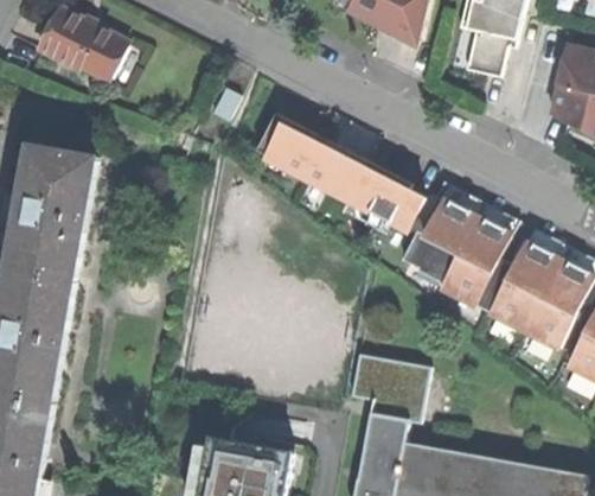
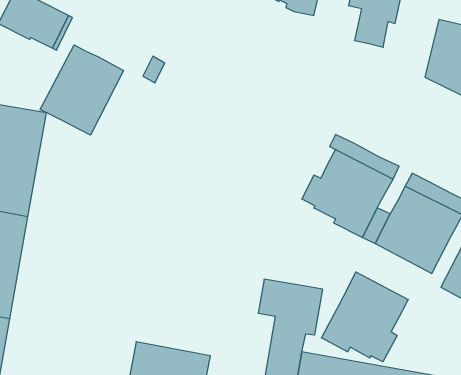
building: none -> [40,45,123,135]
building: [256,115,424,231] -> none
building: none -> [321,272,408,362]

